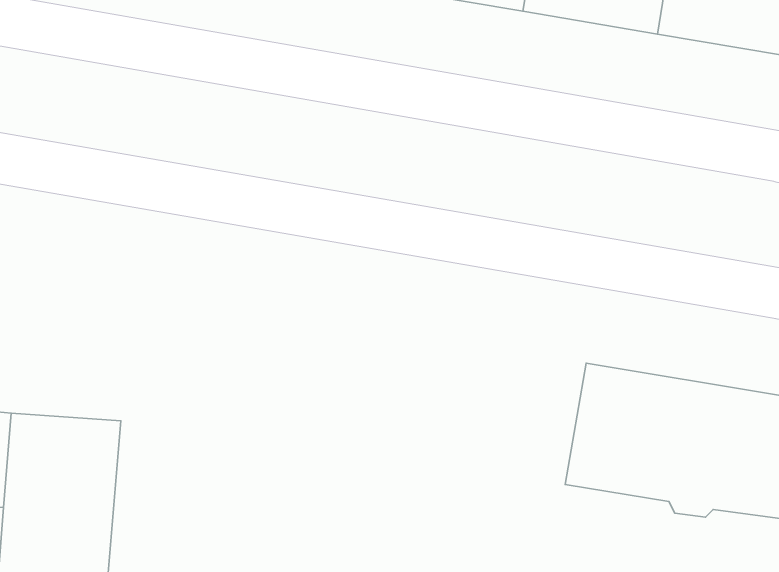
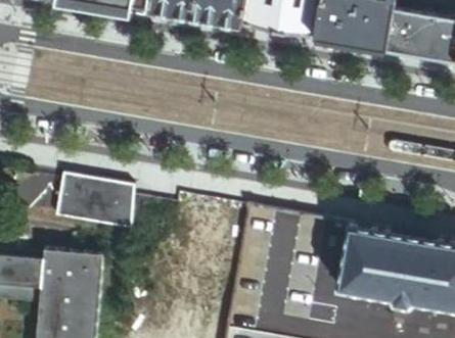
building: none -> [54,176,133,231]

